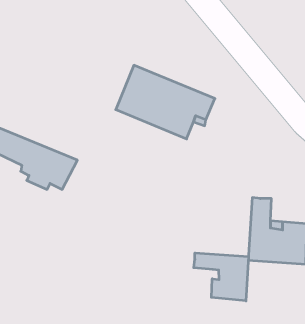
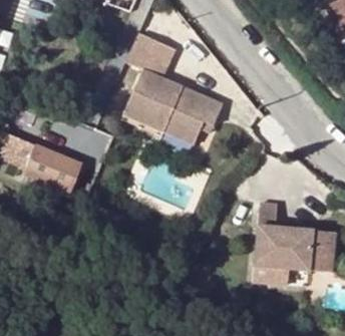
building: none -> [121,34,169,78]
building: [194,253,248,301] -> none

